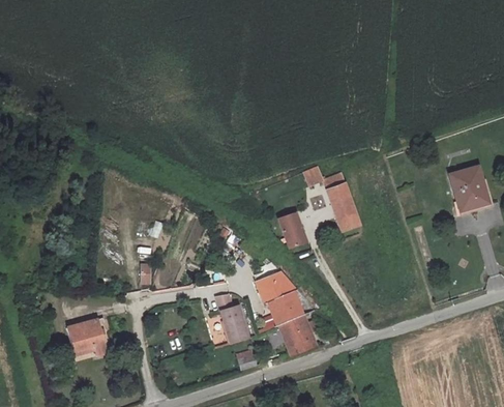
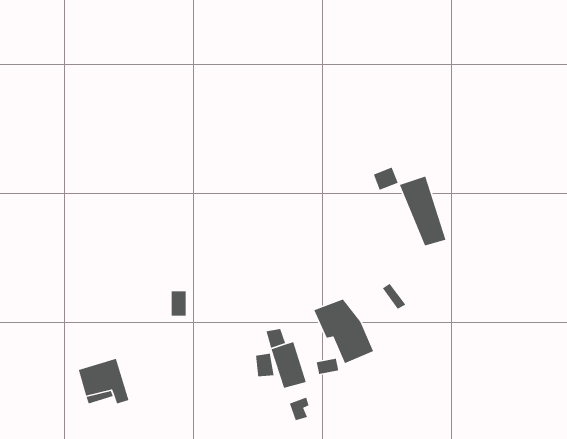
building: [275,214,308,250] -> none
building: [278,314,315,353] -> none

